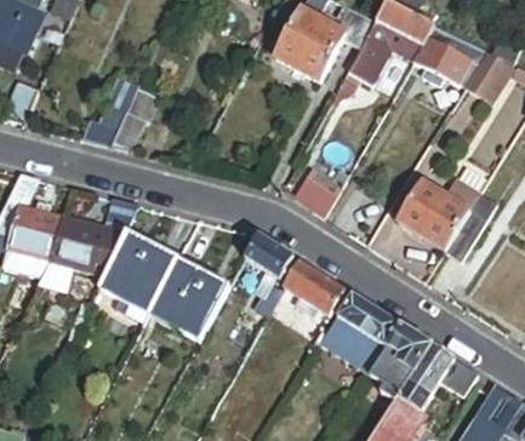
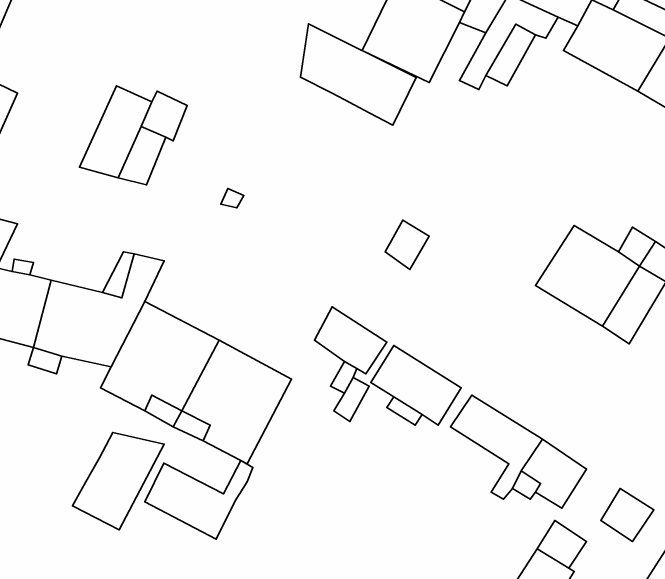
building: none -> [300,24,416,125]
building: [318,317,378,376] -> none
building: none -> [73,432,164,530]
building: none -> [145,461,253,539]
building: [410,346,455,396] -> none

